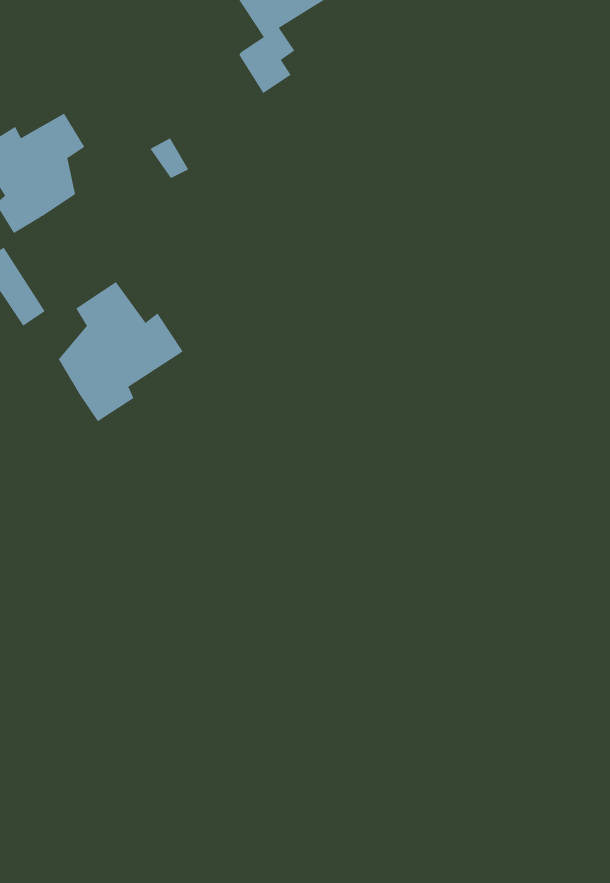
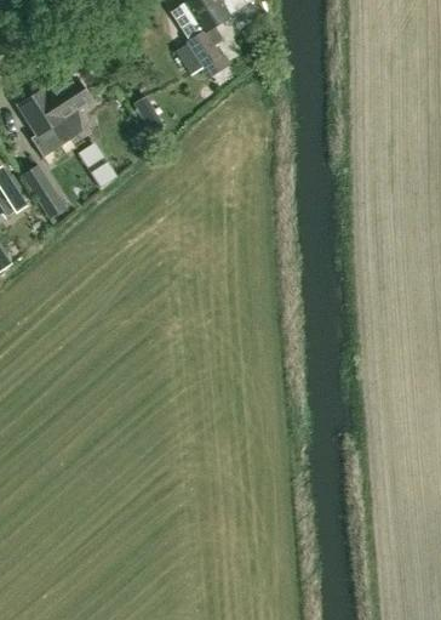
building: [58,281,183,422] -> none

